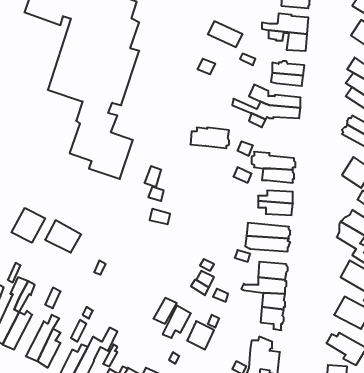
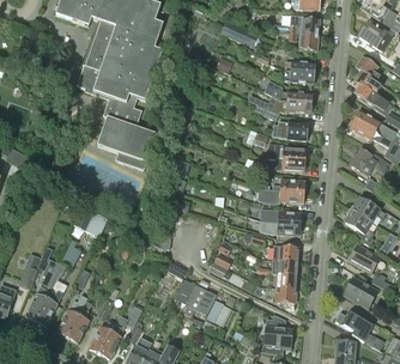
building: [190,128,229,148] -> [272,120,308,139]
building: [11,208,45,243] -> none

